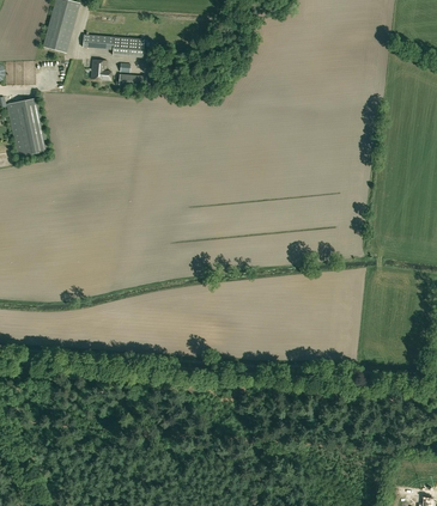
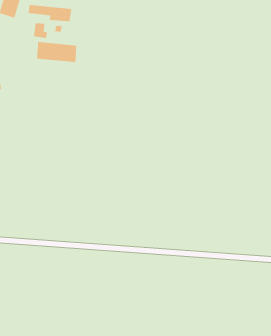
building: none -> [36,41,77,63]

